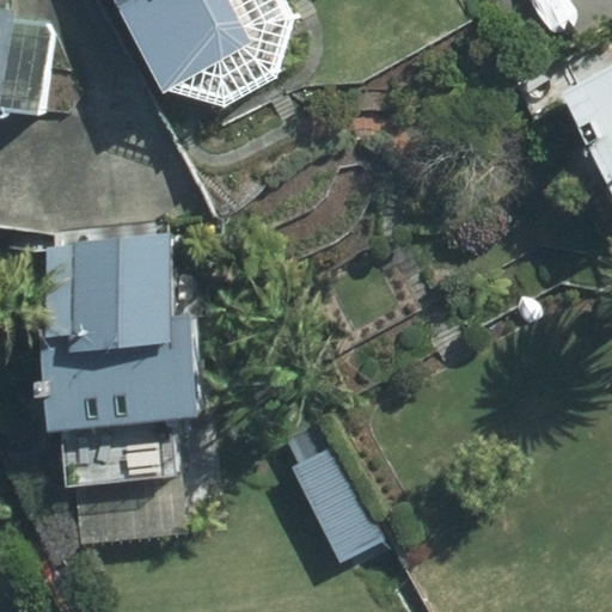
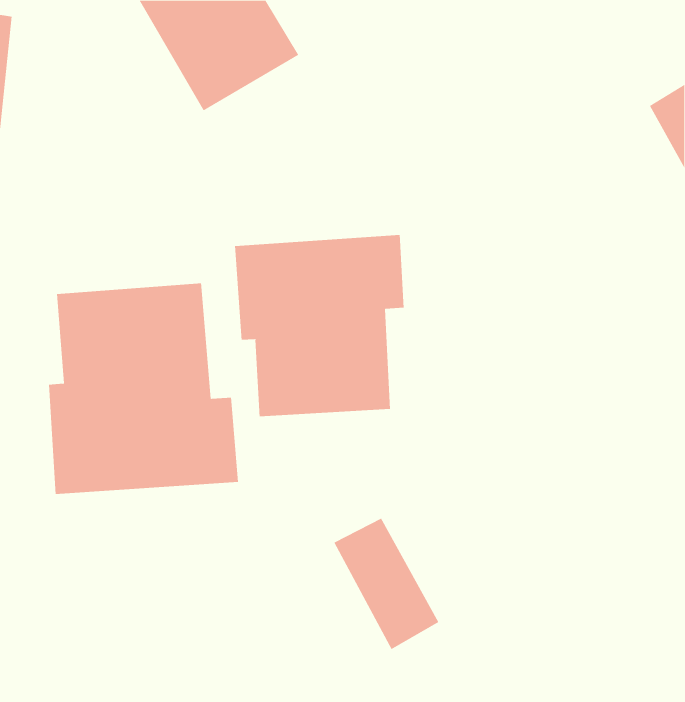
building: none -> [234,234,404,417]

